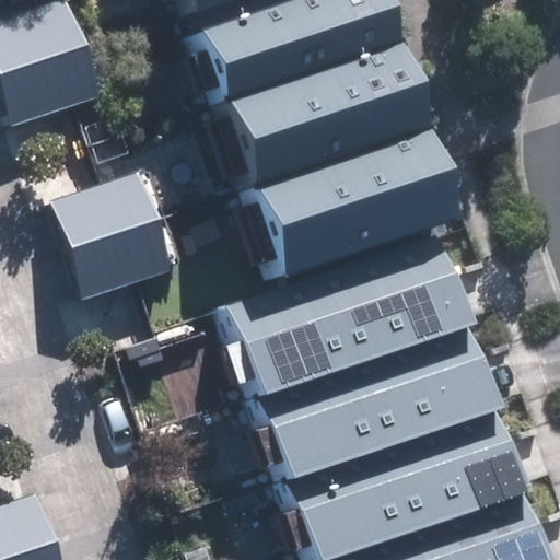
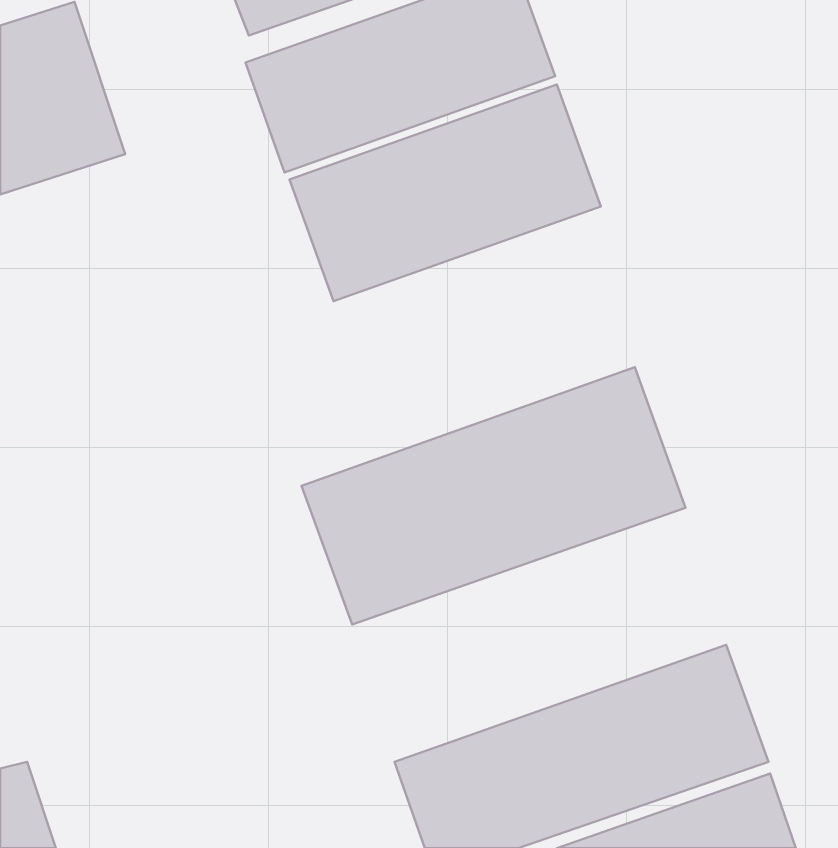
building: [232,139,436,285] -> none
building: [50,172,170,300] -> none
building: [246,335,488,486] -> none

